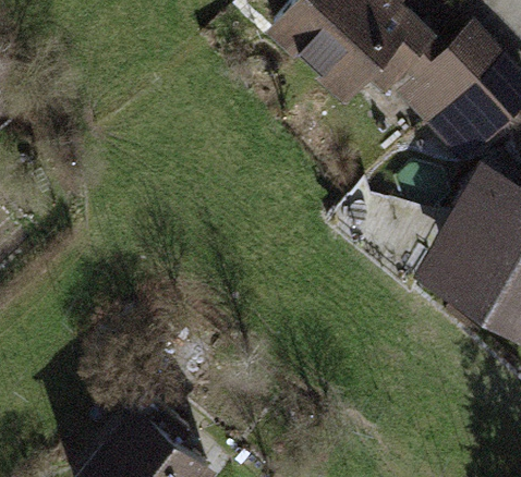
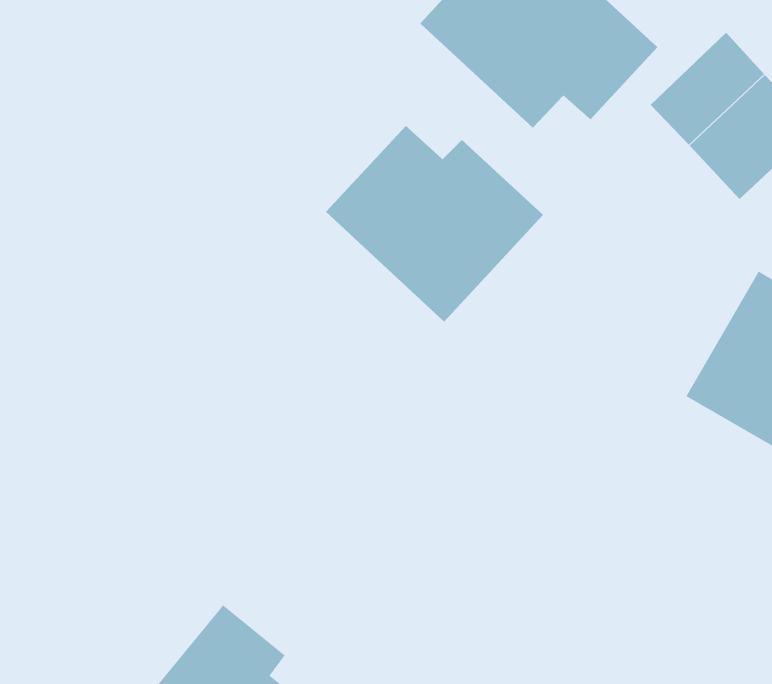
building: none -> [325,125,544,323]

